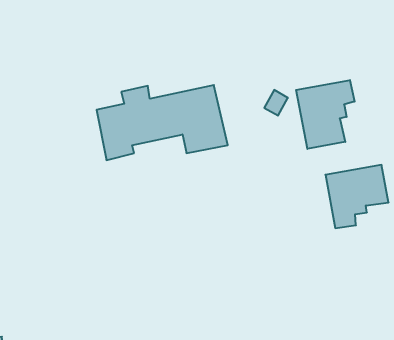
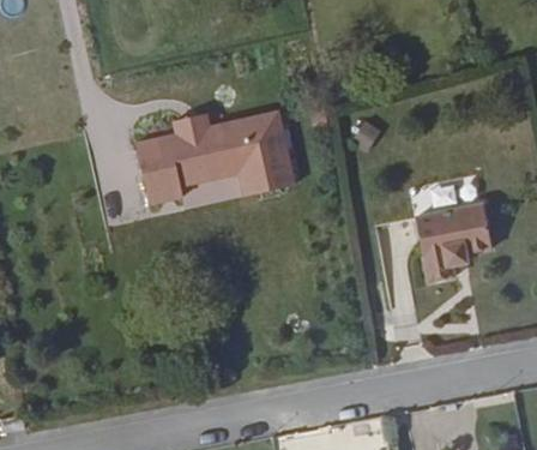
building: [296,80,355,149] -> none

